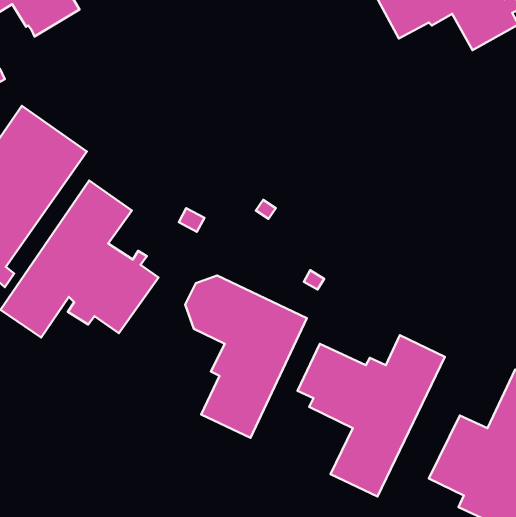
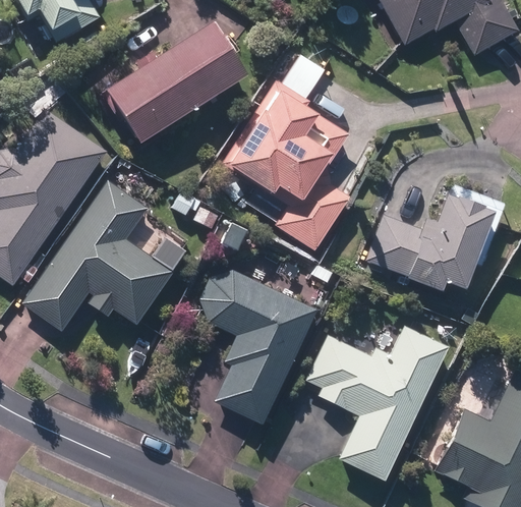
building: none -> [102,25,243,147]
building: none -> [225,78,351,250]
building: none -> [369,189,491,285]

